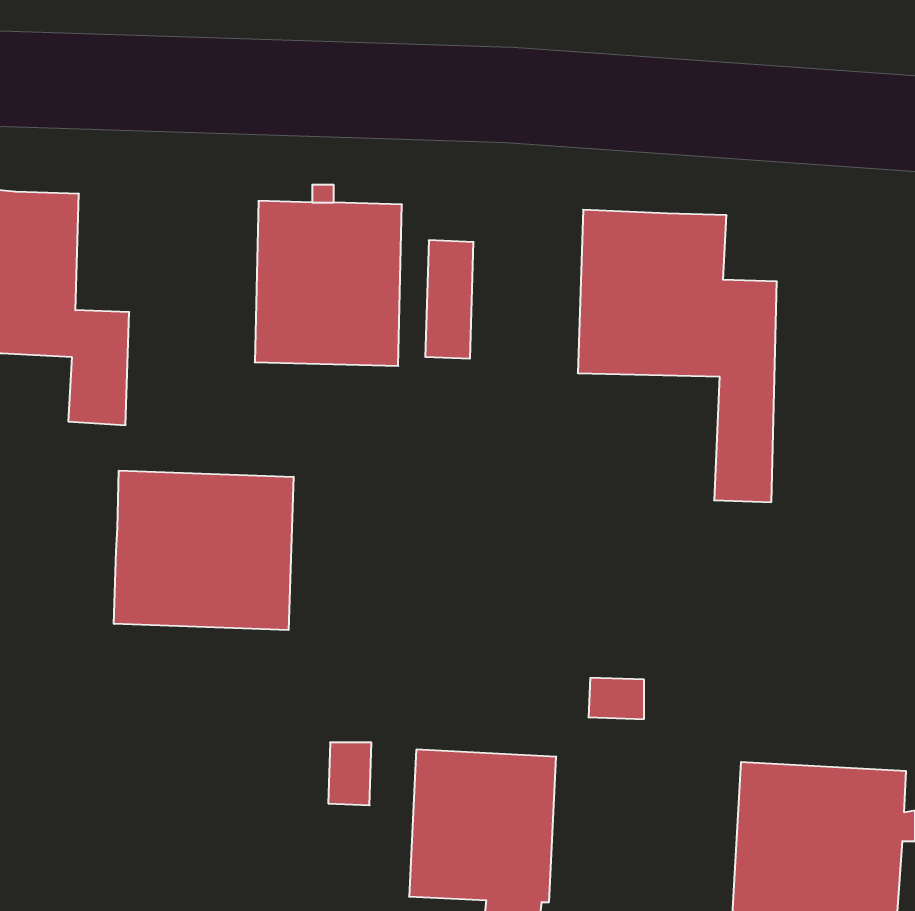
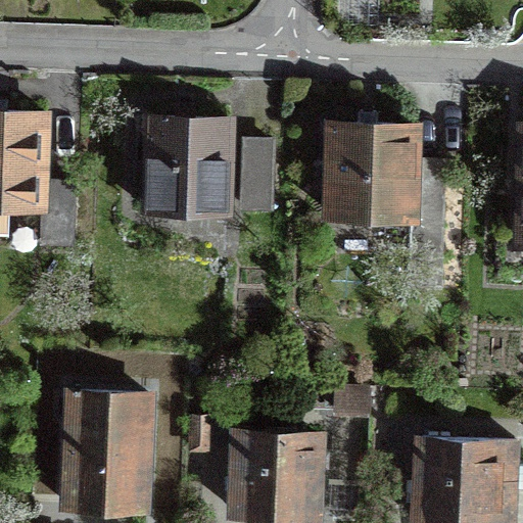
building: [114,471,294,630] -> none
building: none -> [67,390,148,508]

